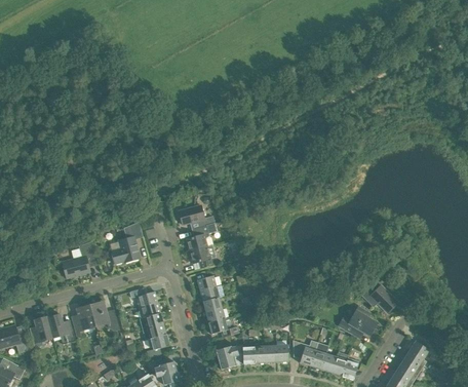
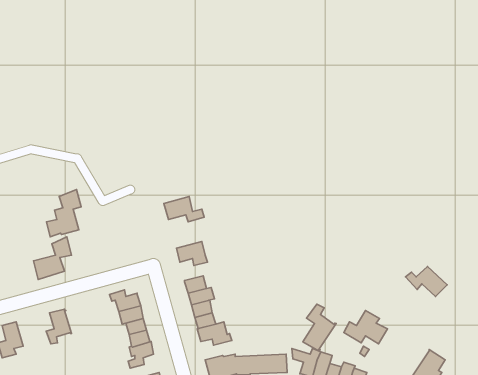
building: [111,222,142,264] -> [47,190,81,237]
building: [186,223,216,250] -> none
building: [360,285,397,312] -> [406,267,447,296]
building: none -> [303,304,336,351]
building: [89,303,119,331] -> none
building: [46,314,75,344] -> none

